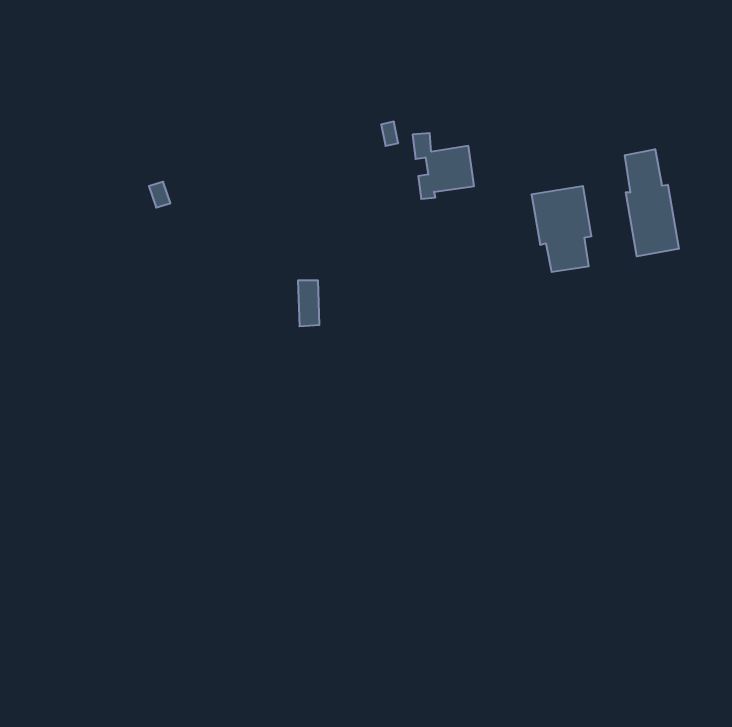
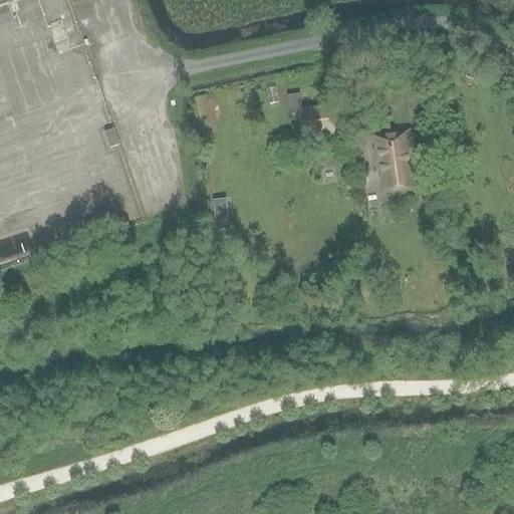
building: [625,149,679,256] -> none

